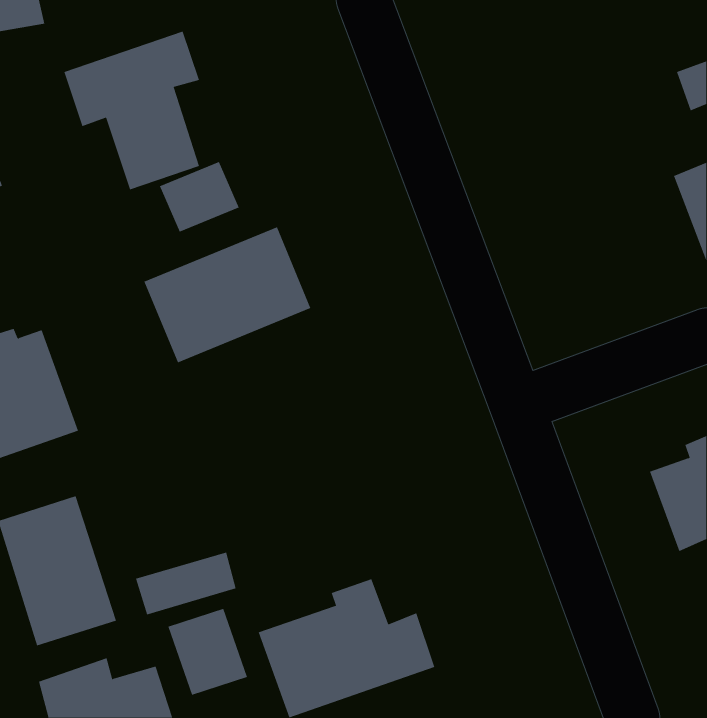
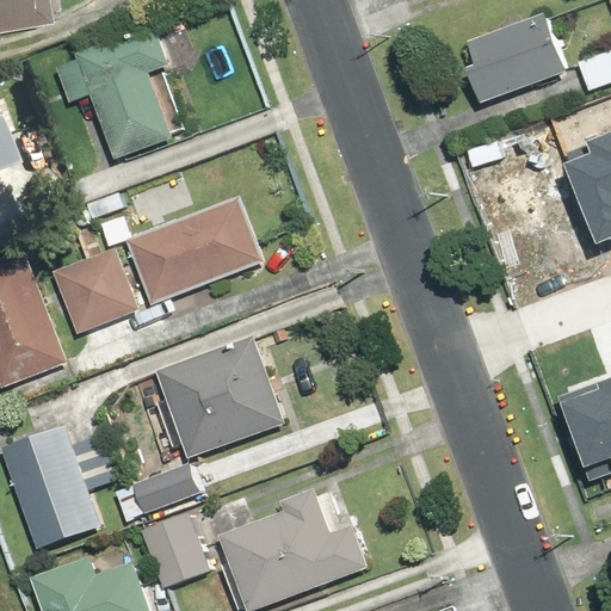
building: none -> [467,12,568,104]
building: [159,161,240,233] -> none
building: none -> [51,247,140,335]
building: none -> [136,337,286,458]

